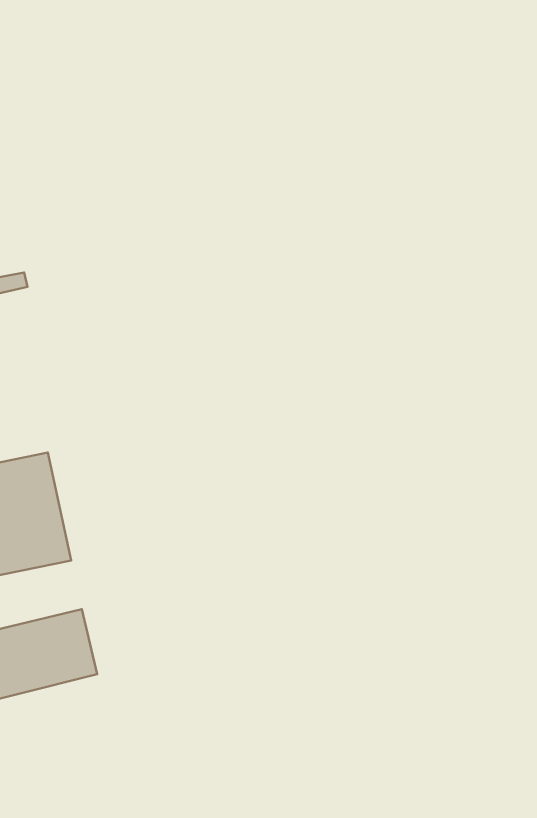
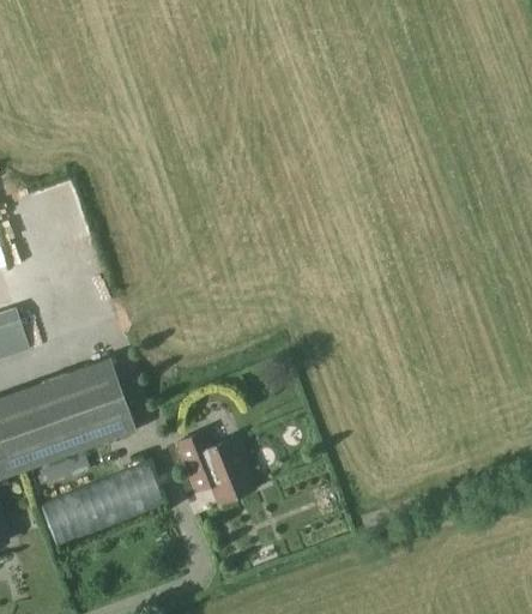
building: none -> [177,437,254,501]

